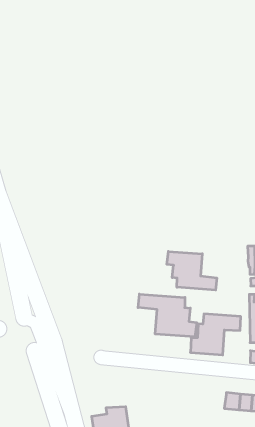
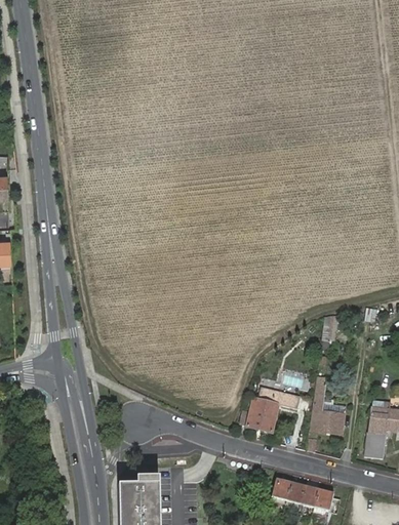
building: [167,251,217,290] -> none
building: [138,294,197,337] -> none

